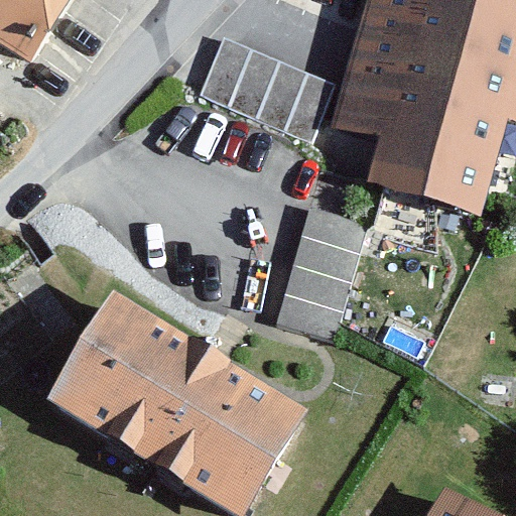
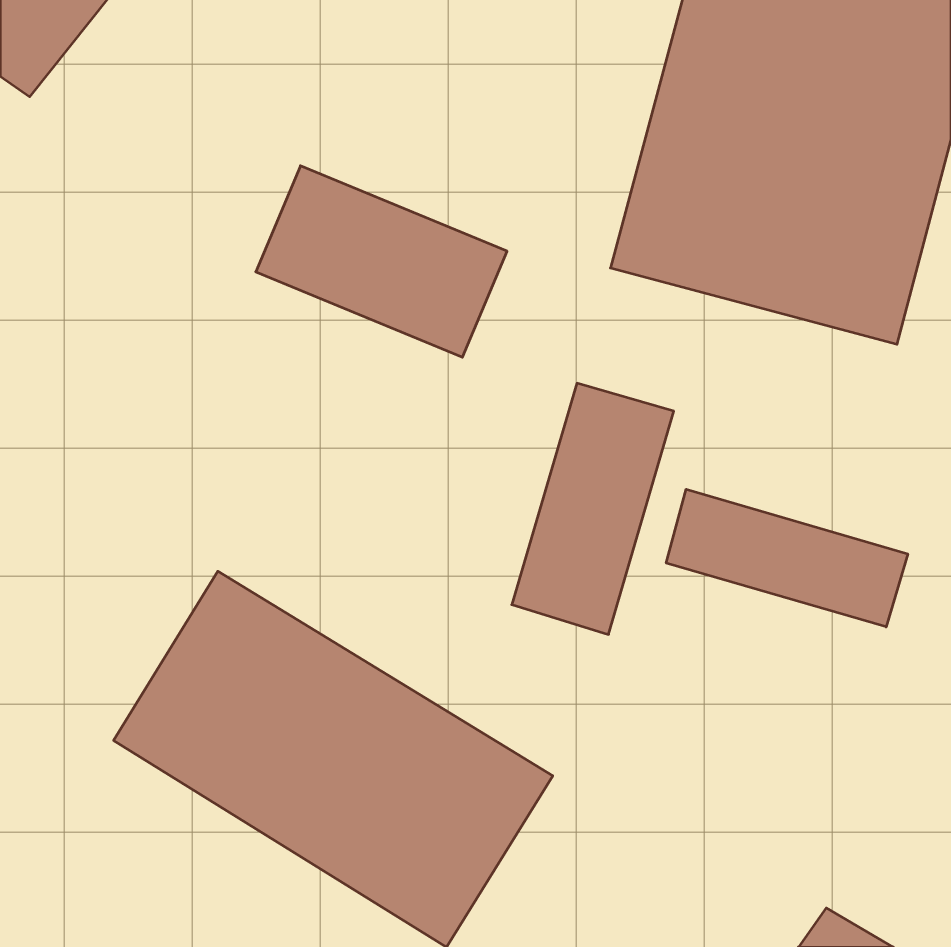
building: [200,39,336,143] -> [256,166,507,357]
building: none -> [666,489,908,627]

